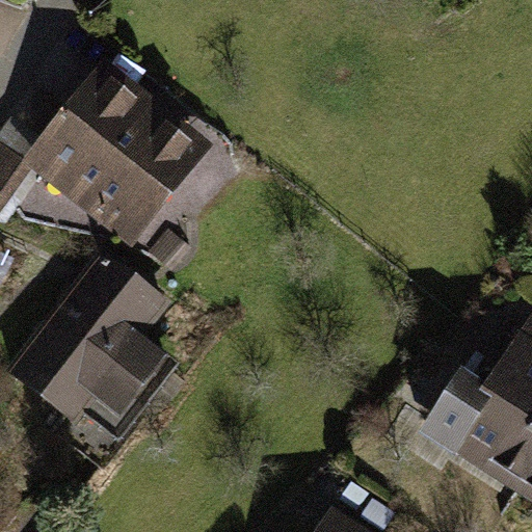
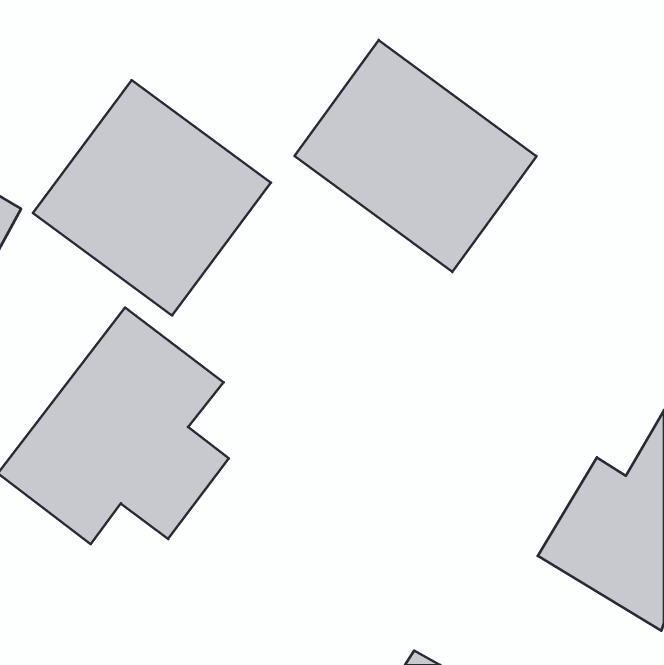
building: none -> [295,40,536,272]

